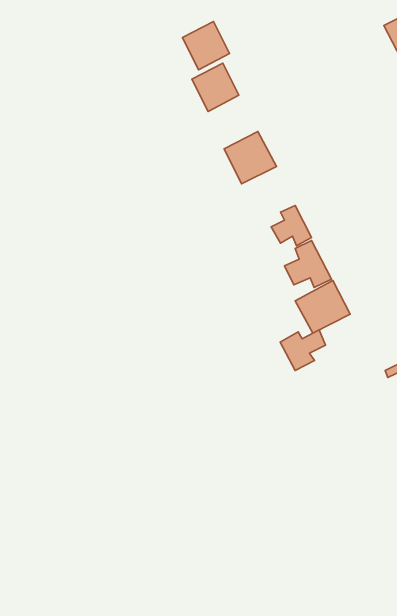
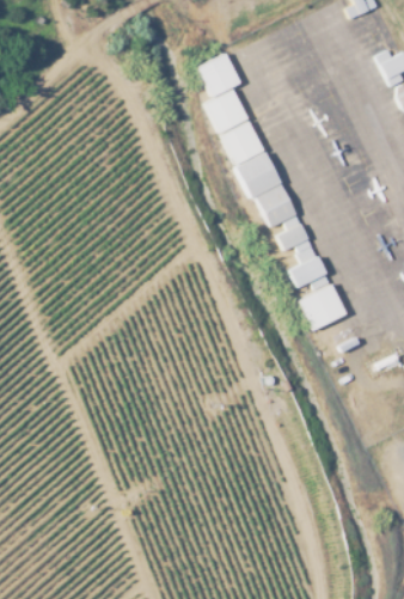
building: none -> [221,121,263,164]
building: none -> [255,183,296,227]
building: [280,330,326,370] -> none

